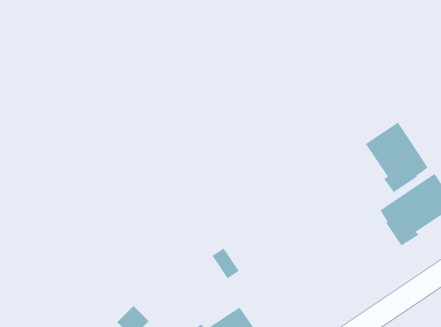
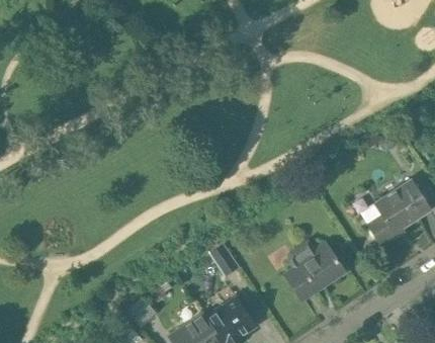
building: [365,121,428,193] -> none
building: none -> [286,241,346,298]

